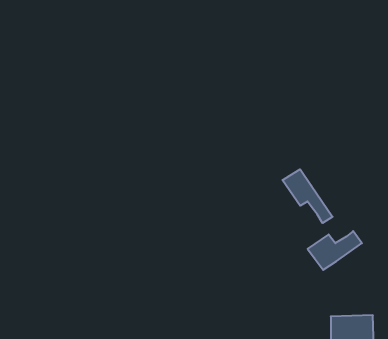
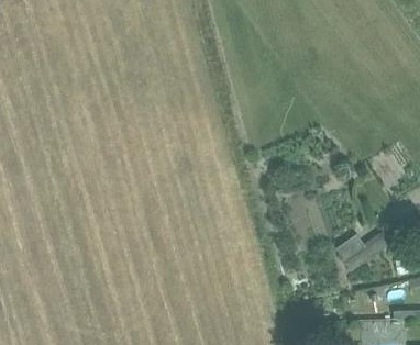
building: [282,169,333,223] -> none

